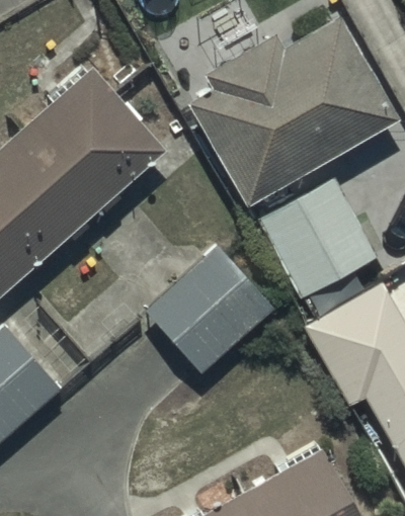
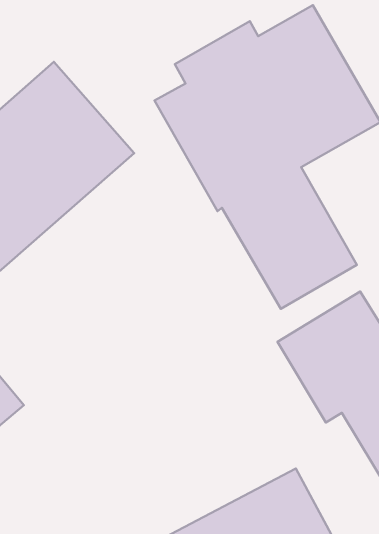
building: [149,246,278,374] -> none

